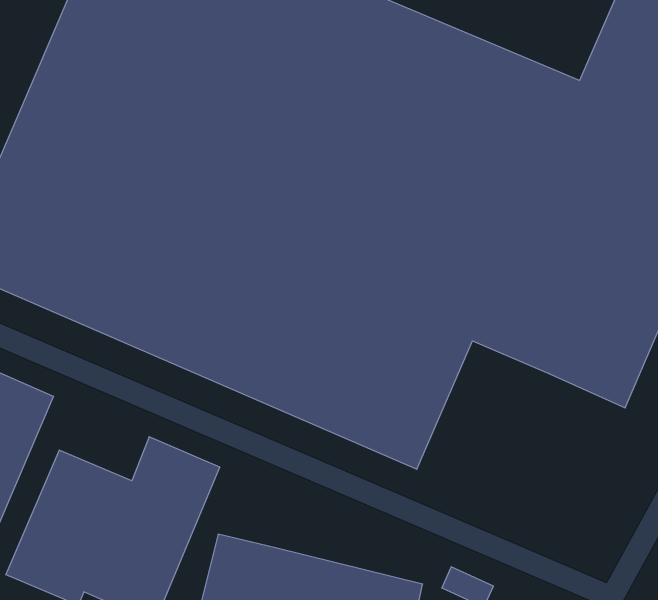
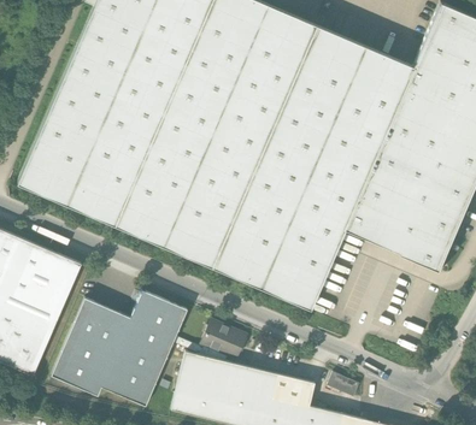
building: none -> [201,321,245,360]

